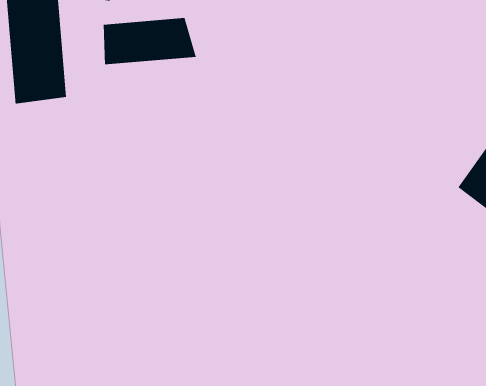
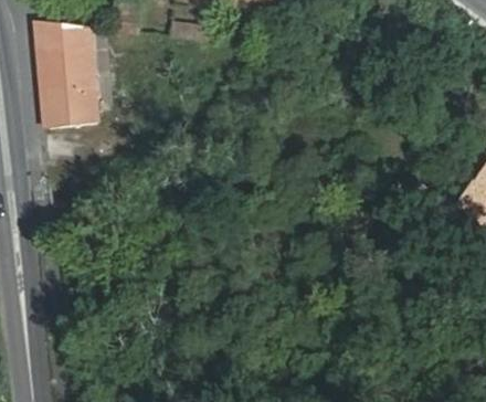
building: [103,17,196,65] -> none

